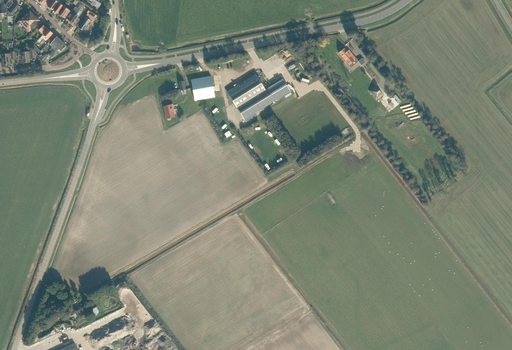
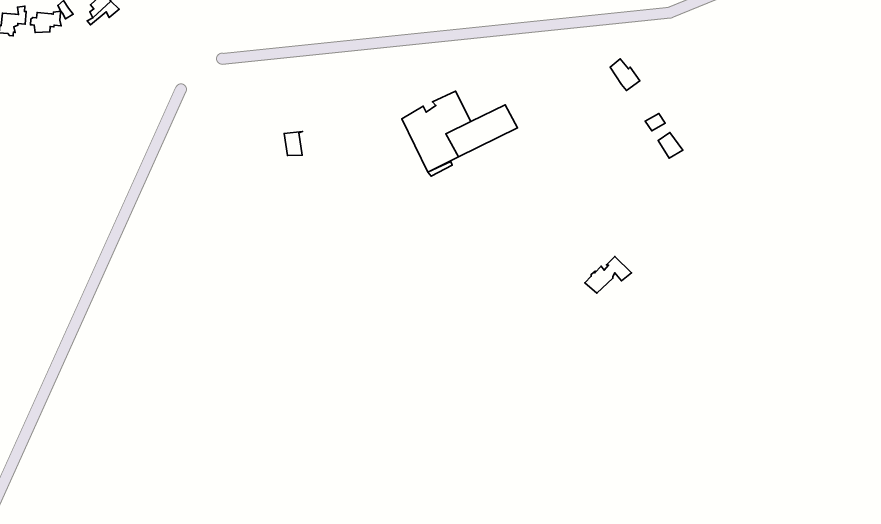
building: [191,76,214,101] -> none

